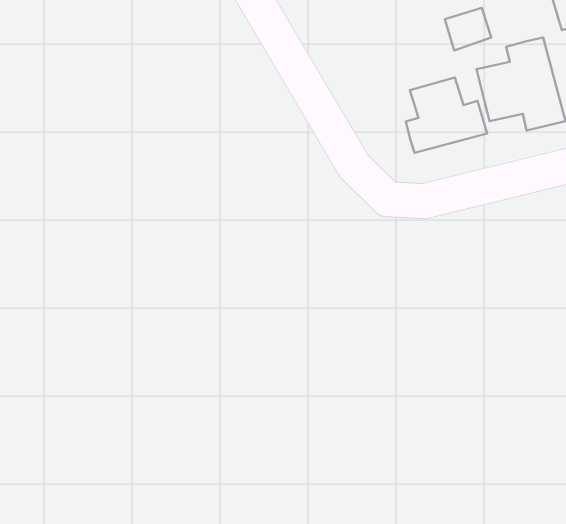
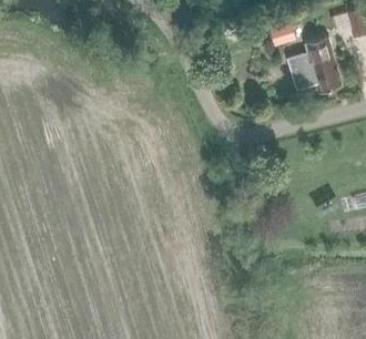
building: [406,78,487,153] -> none

